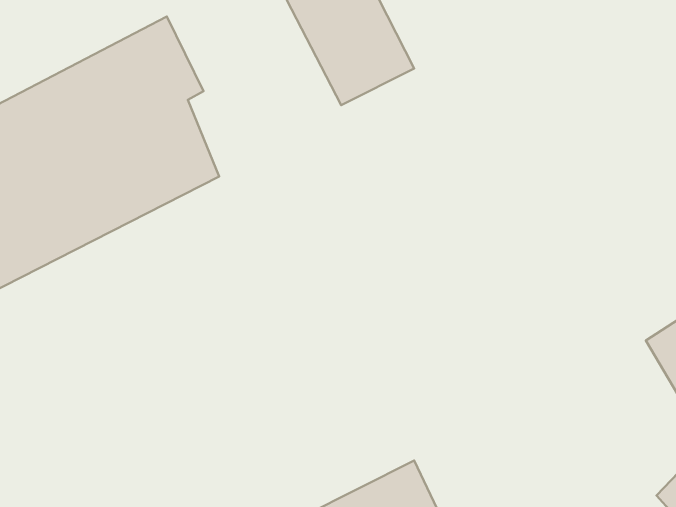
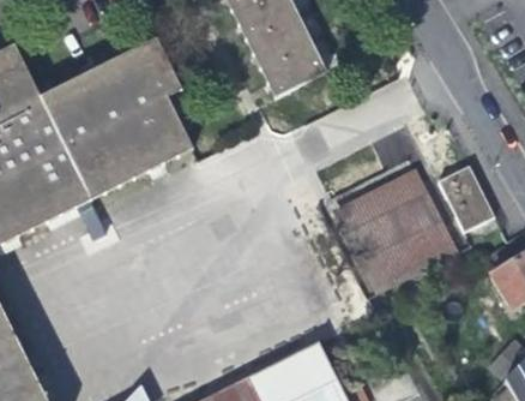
building: none -> [328,166,449,288]
building: none -> [437,167,491,232]

